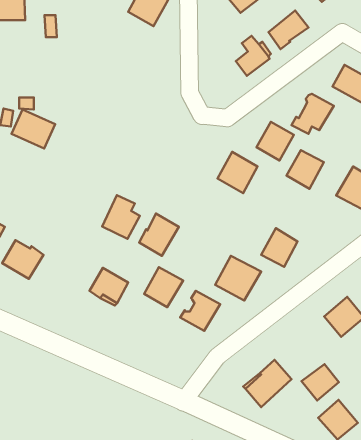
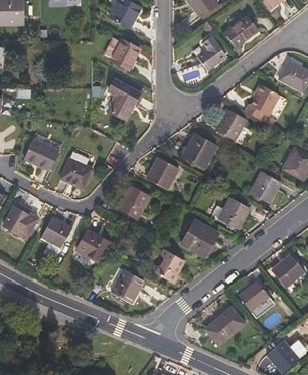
building: none -> [105,38,140,70]
building: none -> [108,79,140,121]
building: [12,110,55,148] -> [24,139,60,171]
building: [286,150,324,189] -> [250,172,281,204]
building: none -> [147,157,178,190]
building: [102,195,140,239] -> [61,152,93,188]
building: none -> [41,217,73,248]
building: [144,267,183,307] -> [112,270,144,304]
building: [301,364,339,400] -> [238,280,269,311]

